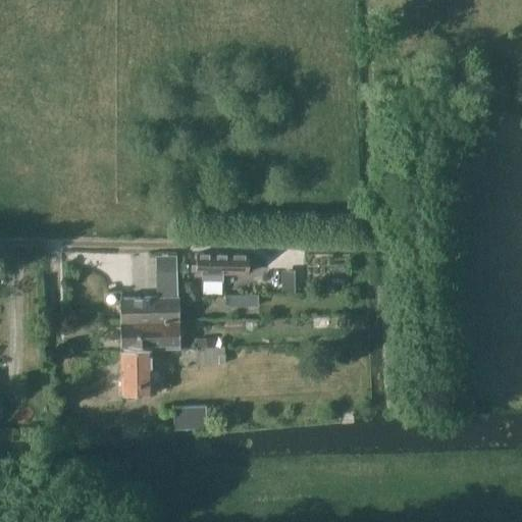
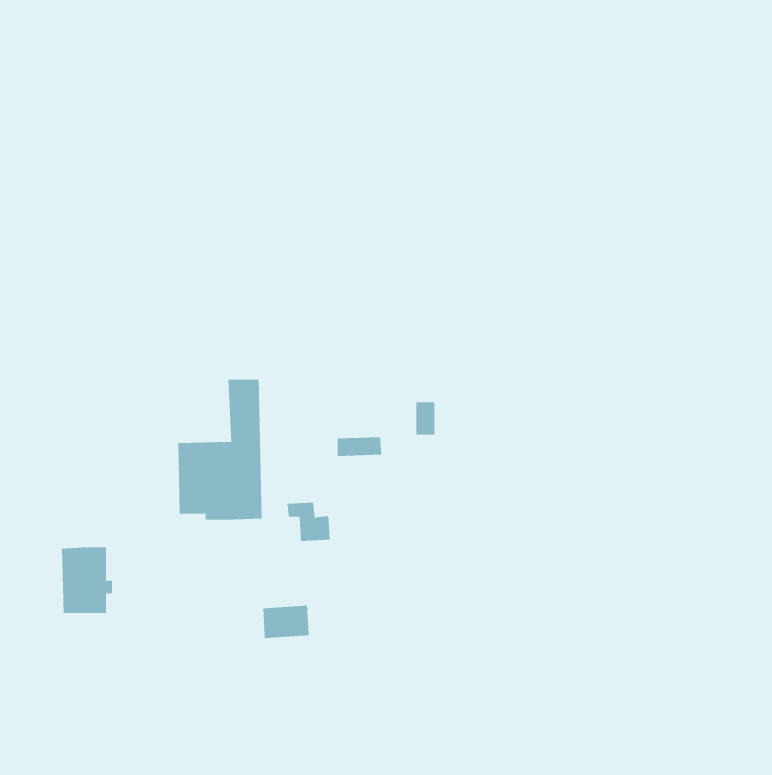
building: [191,251,250,280] -> none
building: [122,350,157,395] -> [61,547,113,614]

